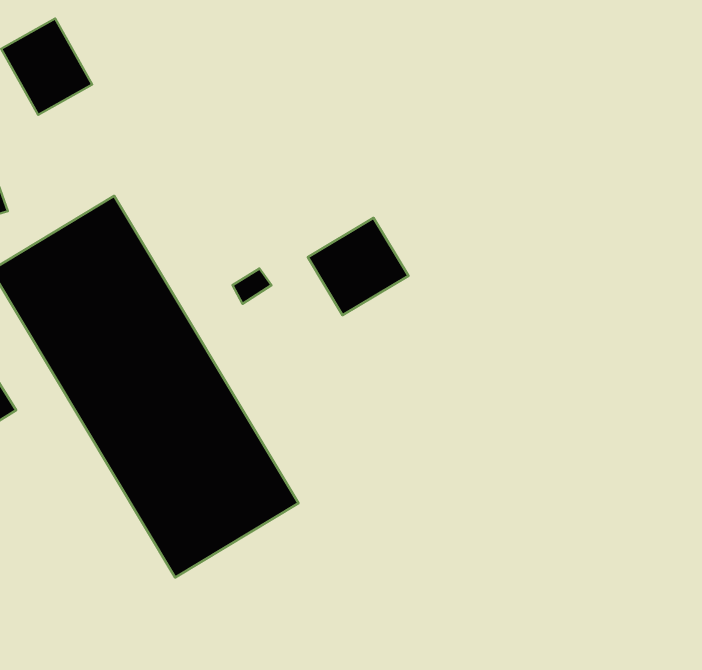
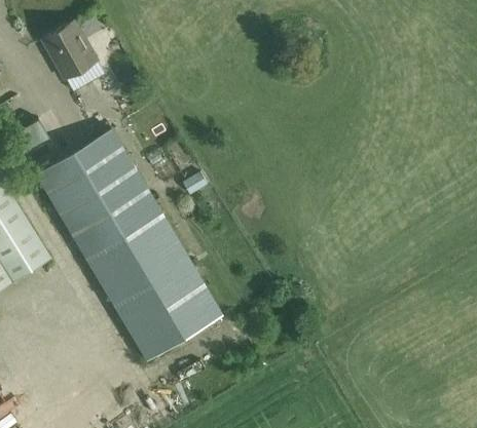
building: [308,218,409,315] -> none

